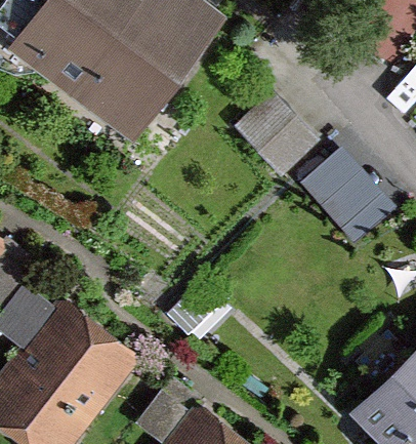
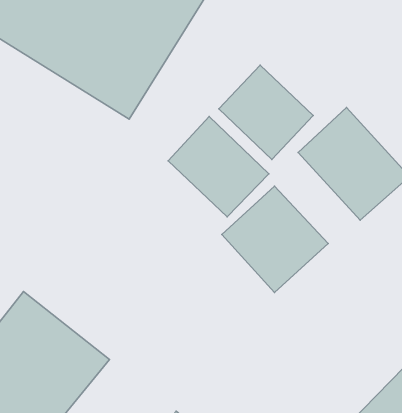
building: none -> [168,117,269,217]
building: none -> [222,186,328,293]

